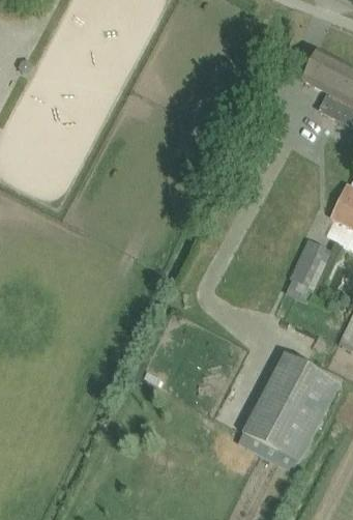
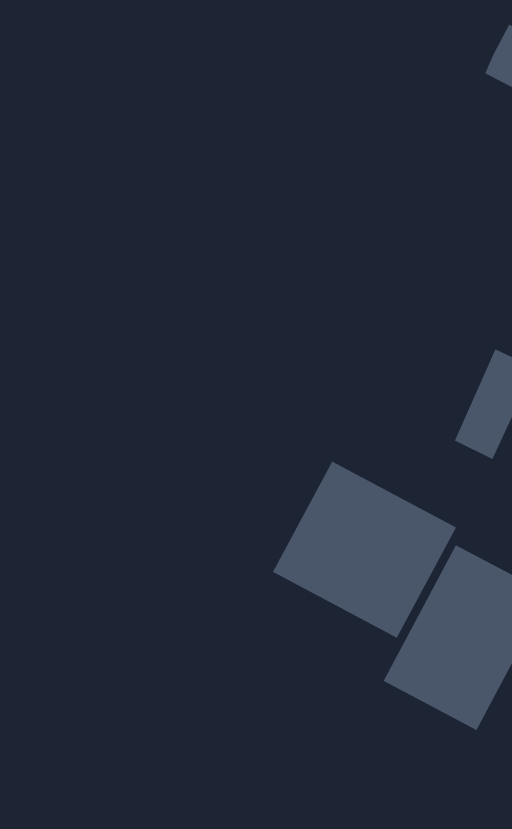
building: none -> [272,461,457,639]

